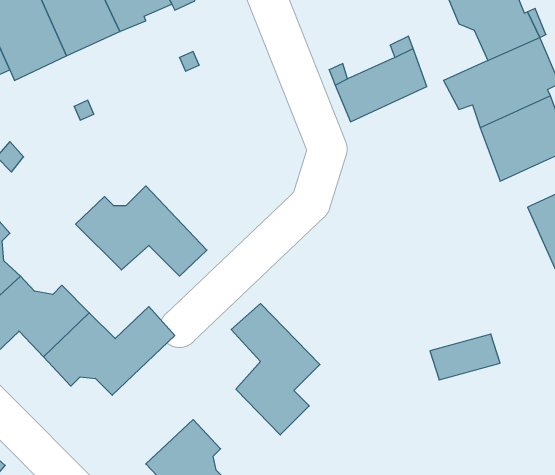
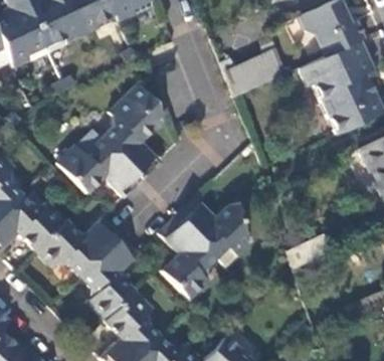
building: none -> [101,85,159,180]
building: none -> [176,198,246,266]
building: none -> [78,236,136,321]

